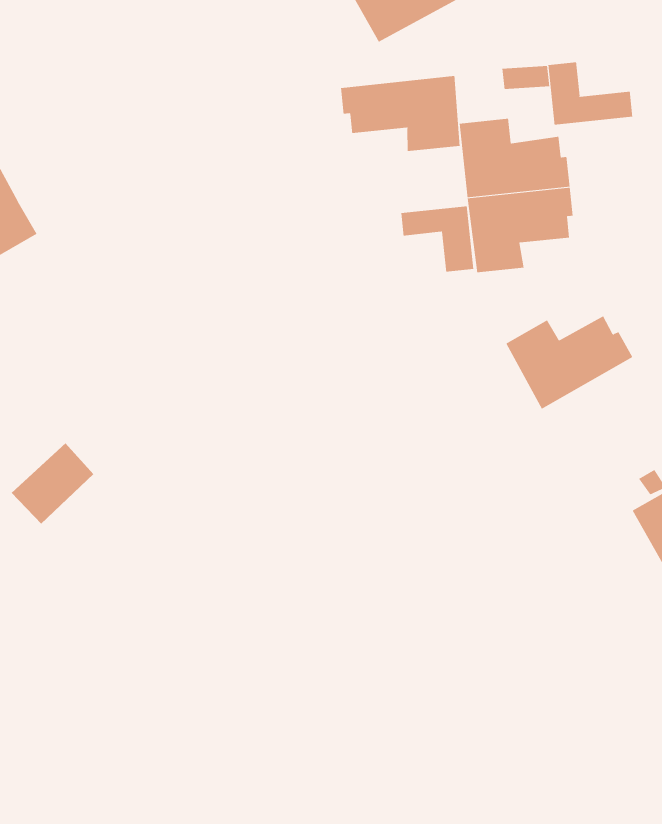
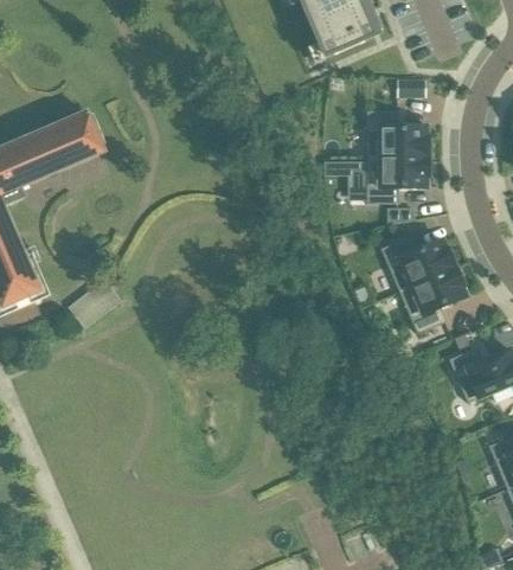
building: [548,61,633,125] -> none
building: [340,75,460,152] -> none
building: none -> [399,264,467,332]

